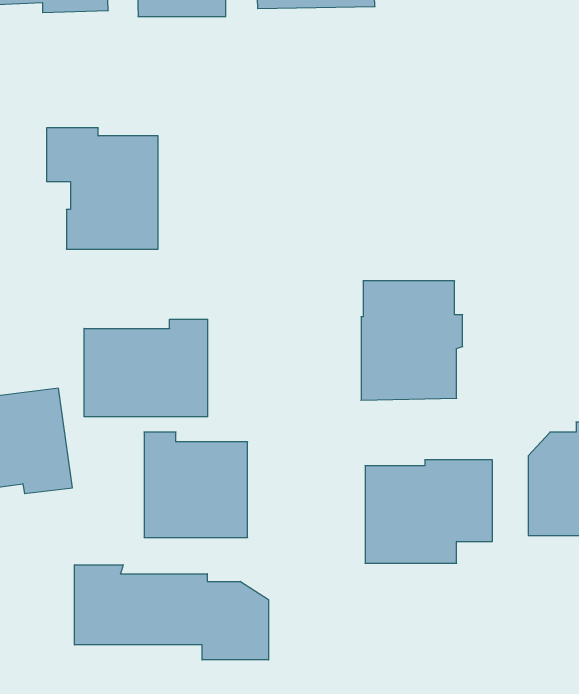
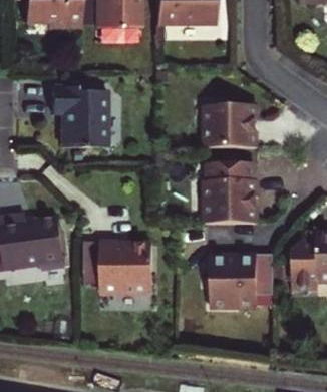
building: none -> [206,104,259,147]
building: [84,319,208,417] -> none
building: [75,565,269,660] -> none

